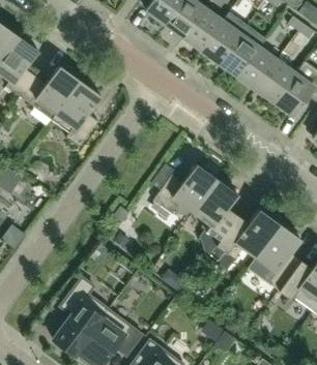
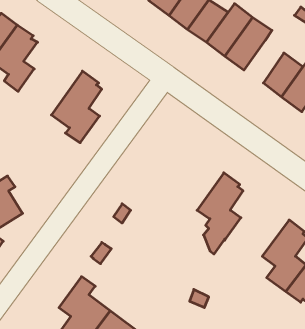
building: [238,49,277,90] -> none
building: [20,66,82,121] -> none
building: [153,164,219,215] -> none
building: [207,210,282,272] -> none

